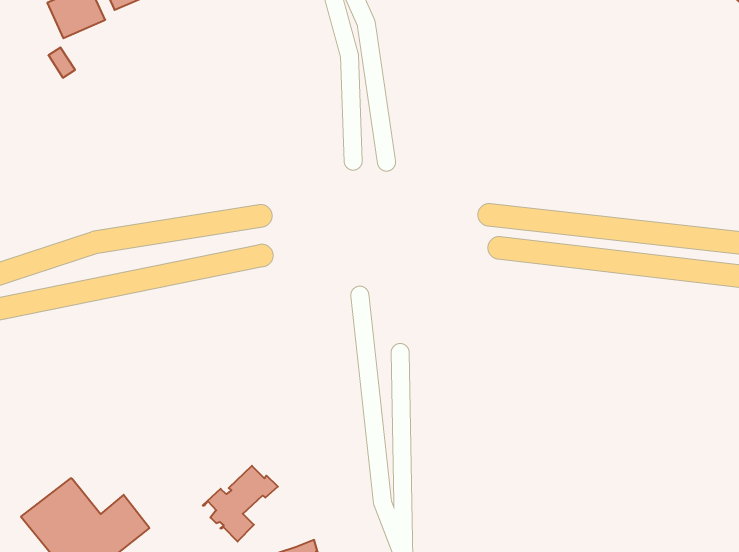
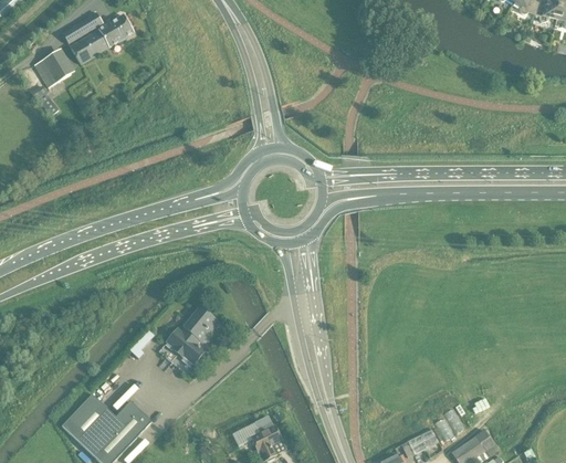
building: [203,466,278,542] -> [167,308,218,362]

